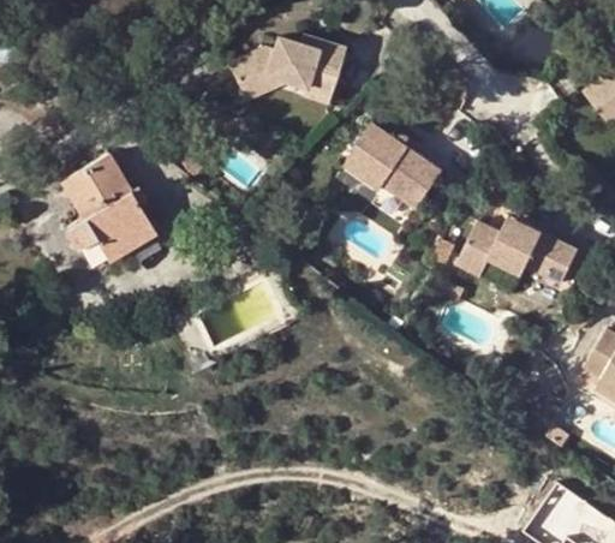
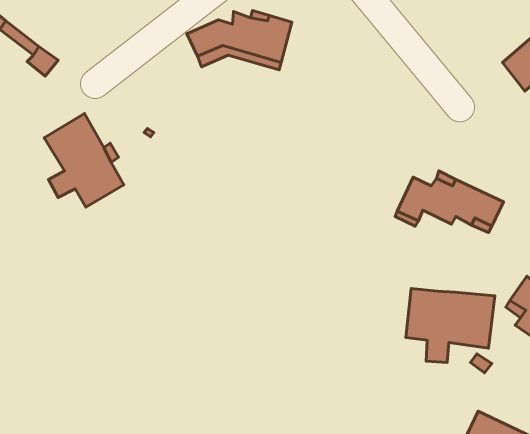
building: [342,125,443,210] -> none
building: none -> [406,289,495,363]

